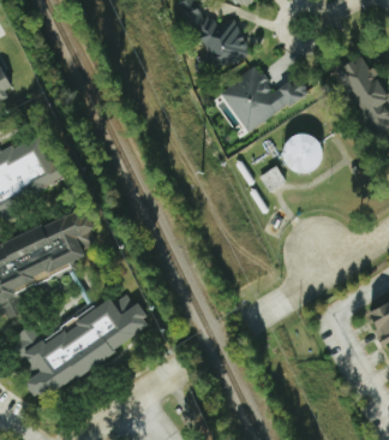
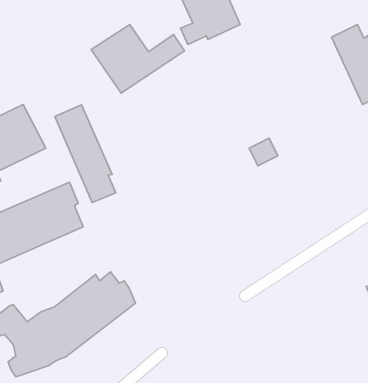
building: [219,65,309,131] -> [91,24,185,93]
building: [275,126,328,178] -> none
building: none -> [55,105,116,203]

